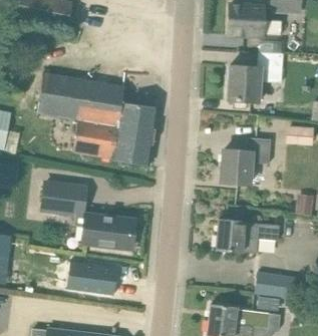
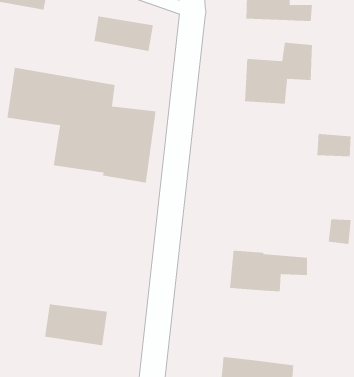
building: none -> [93,15,154,52]
building: [221,137,270,186] -> none
building: [38,182,133,249] -> none
building: [254,272,295,299] -> none

